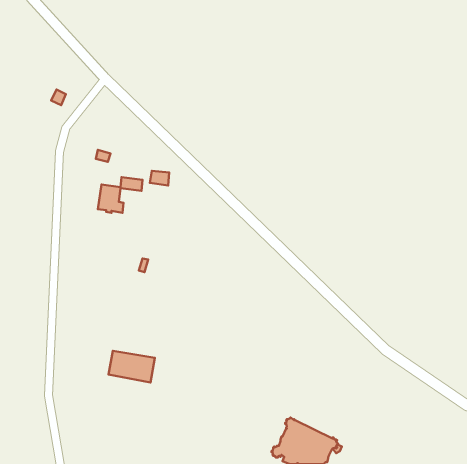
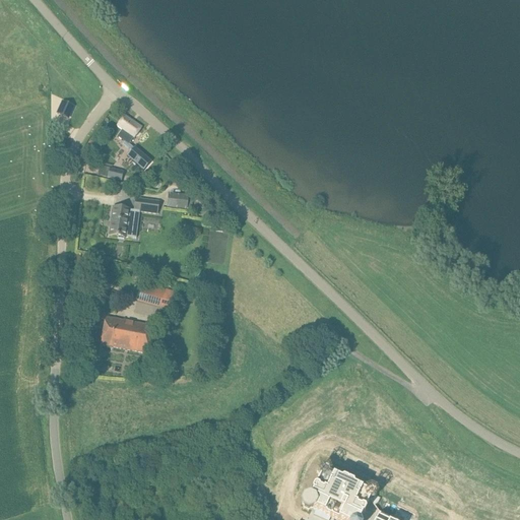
building: none -> [117,113,151,169]
building: [108,351,155,383] -> [101,316,152,351]

